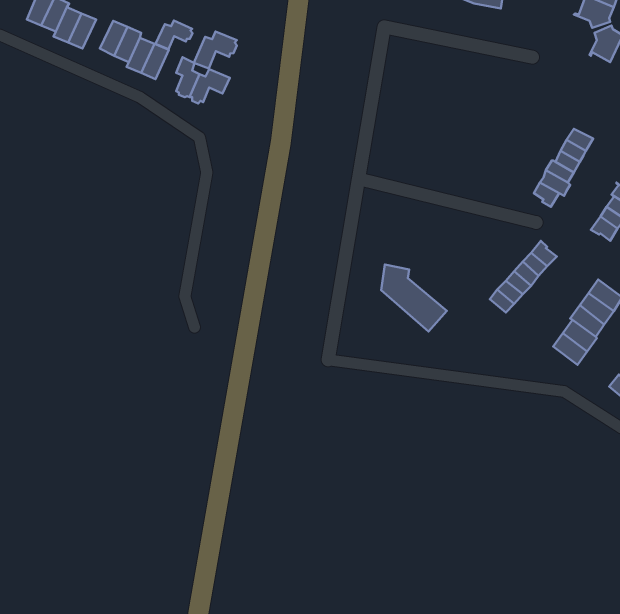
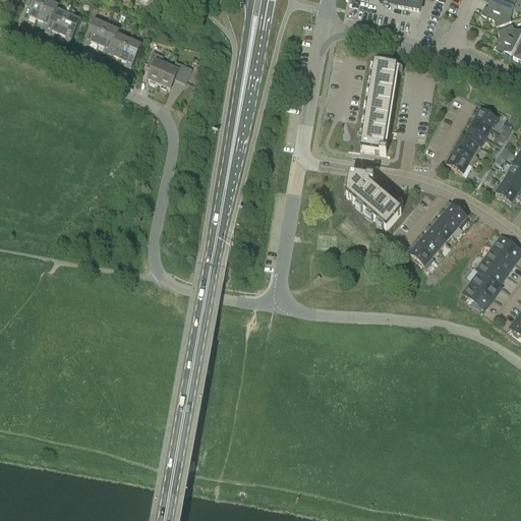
building: [156,21,193,49] -> none
building: [194,31,237,68] -> none
building: none -> [361,59,398,154]
building: [381,265,447,332] -> [348,172,403,228]

